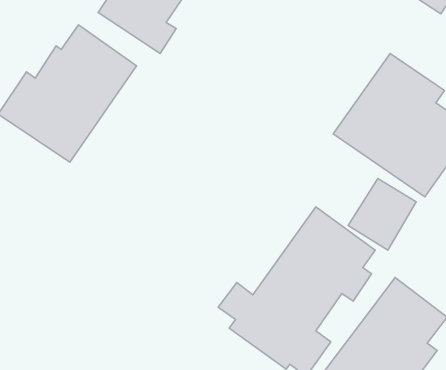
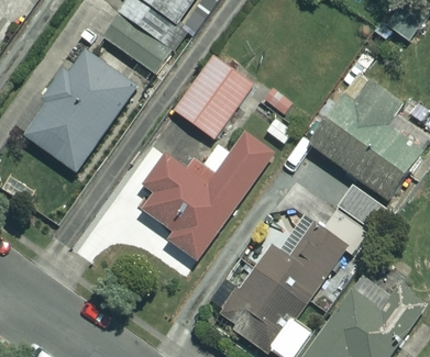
building: none -> [169,55,251,140]
building: none -> [139,133,273,261]

